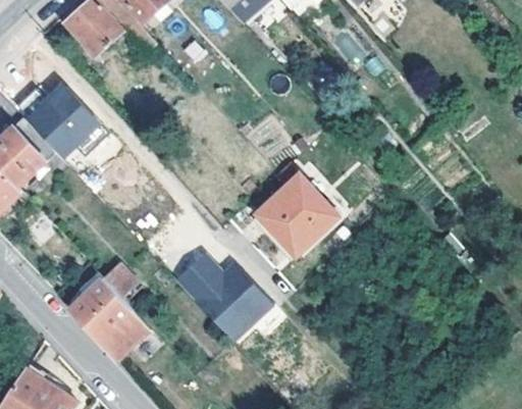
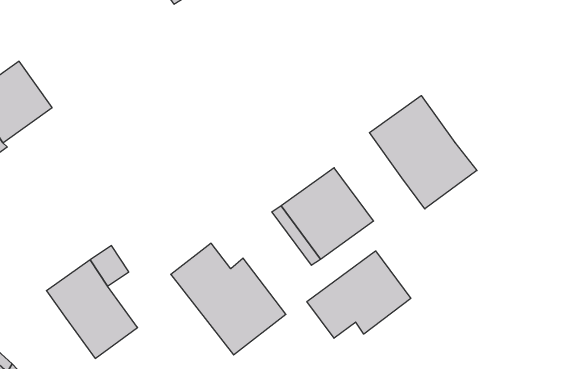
building: [17,76,101,159] -> none
building: none -> [369,96,477,209]
building: none -> [307,251,411,338]

